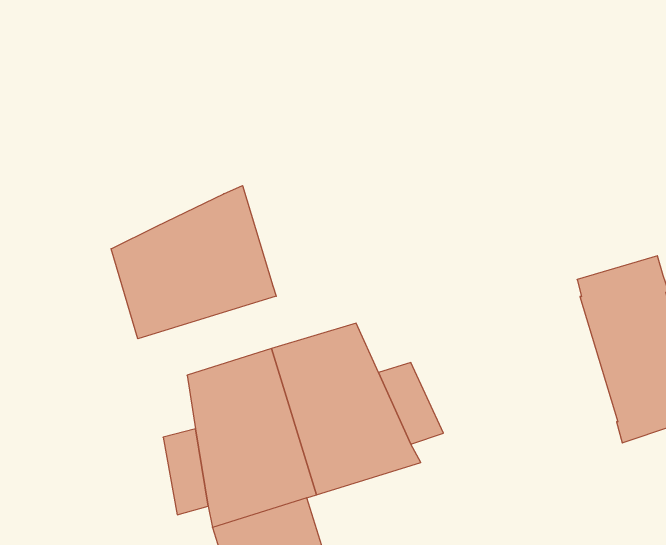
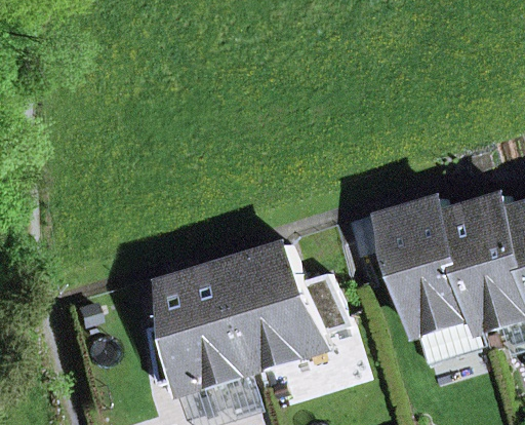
building: [111,186,276,339] -> none
building: none -> [377,198,473,335]

